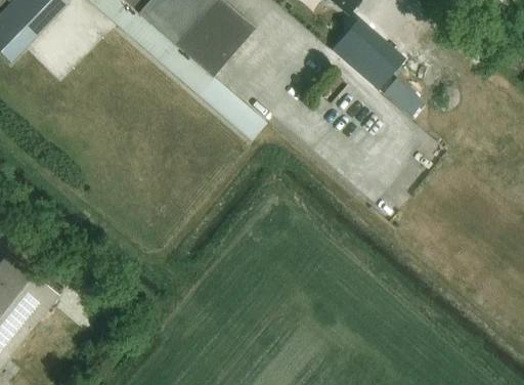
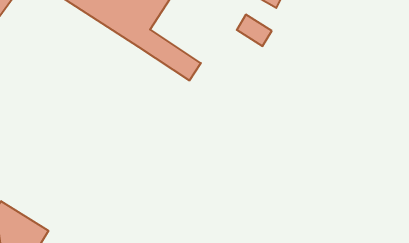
building: [375,69,416,109] -> [237,15,272,46]

